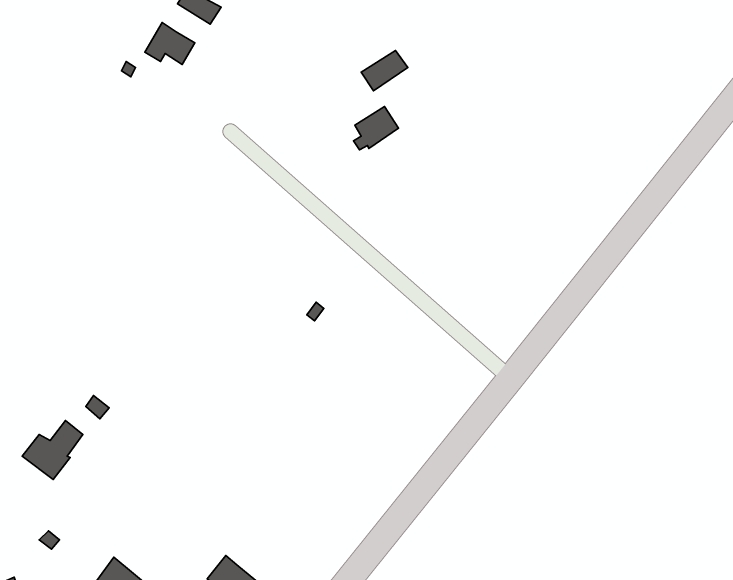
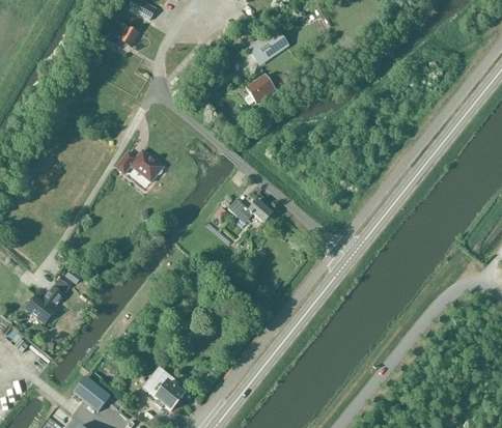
building: none -> [115,149,163,181]
building: none -> [227,198,273,223]

